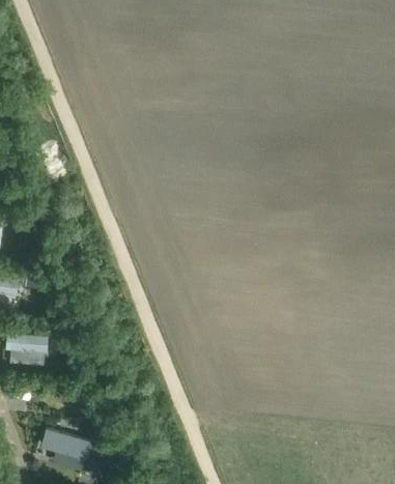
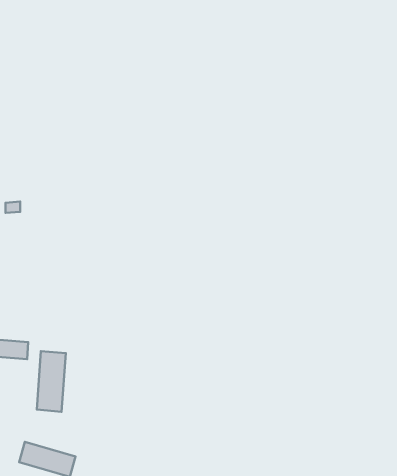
building: none -> [37,351,66,412]

